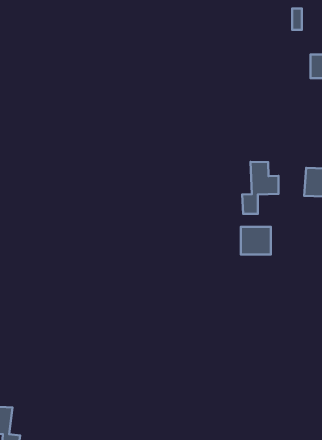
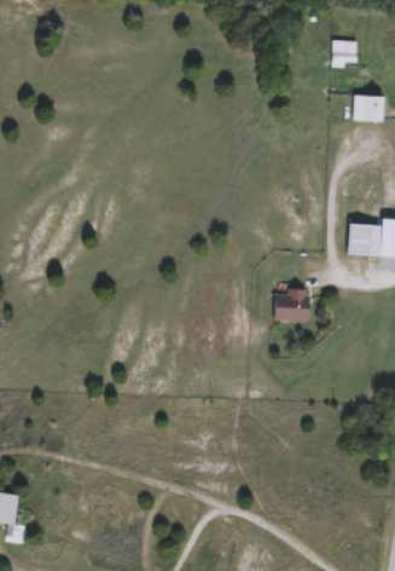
building: [242,162,278,214] -> none

